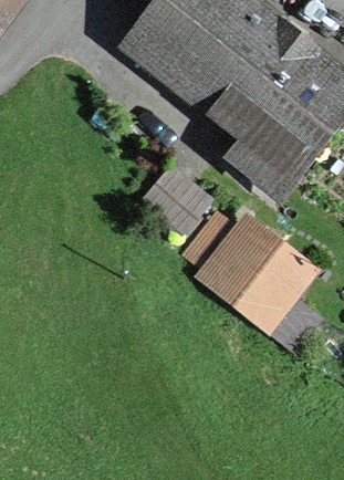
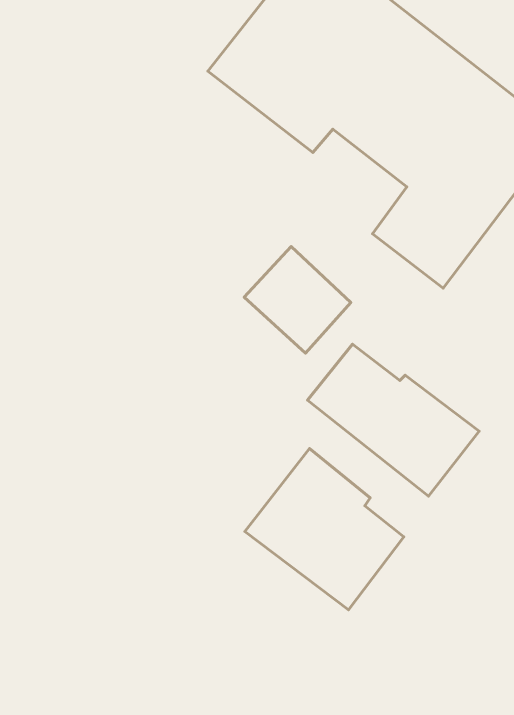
building: none -> [245,449,404,610]

